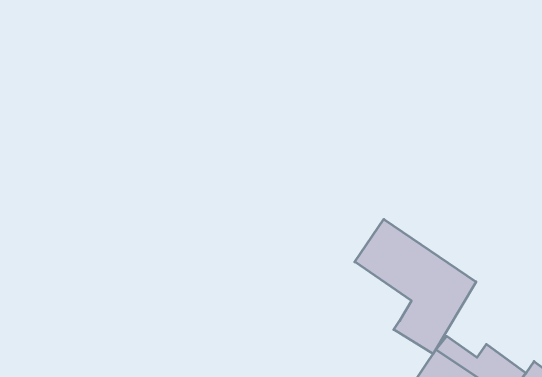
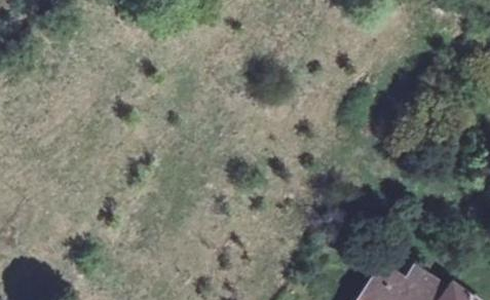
building: [355,219,476,354] -> none

